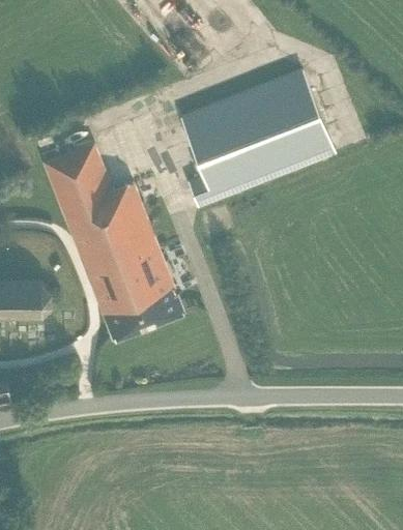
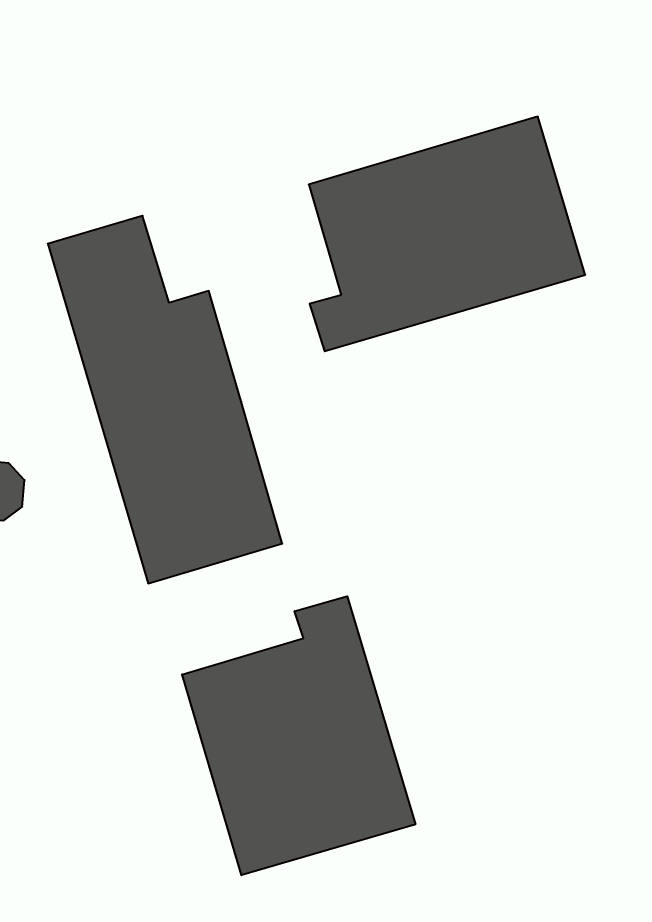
building: none -> [182,596,415,875]

